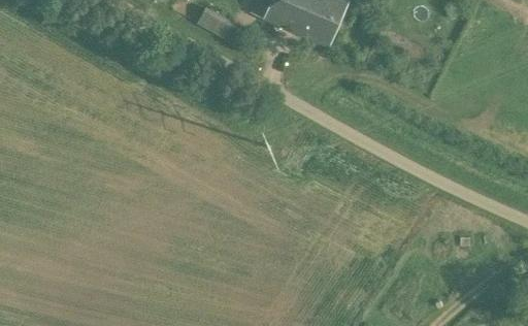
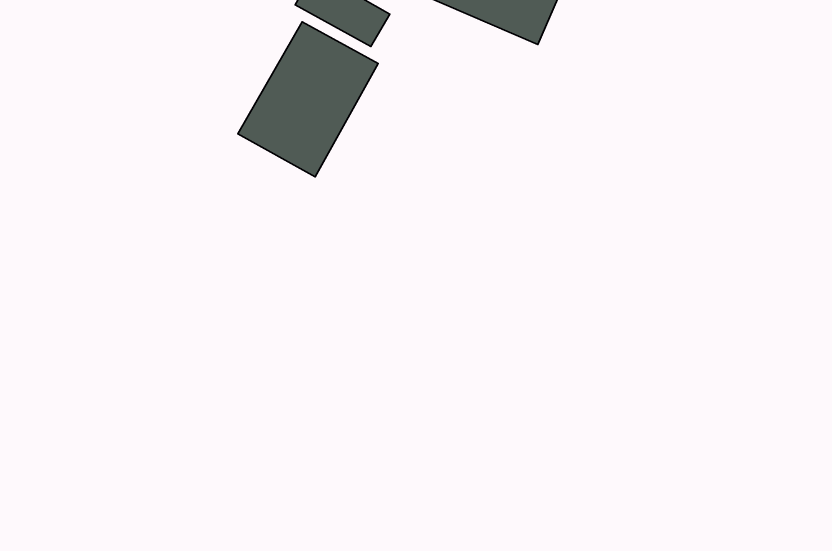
building: none -> [238,22,378,177]

